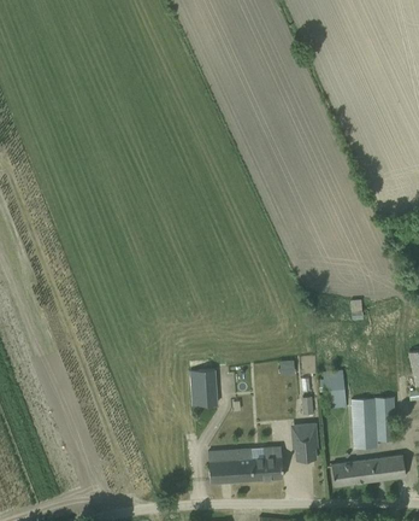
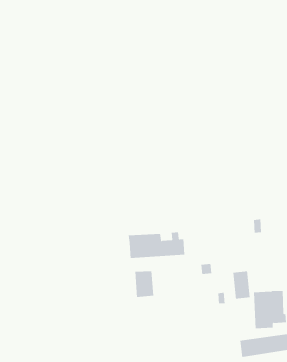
building: [295,423,318,461] -> none
building: [206,447,283,484] -> [128,232,185,259]

